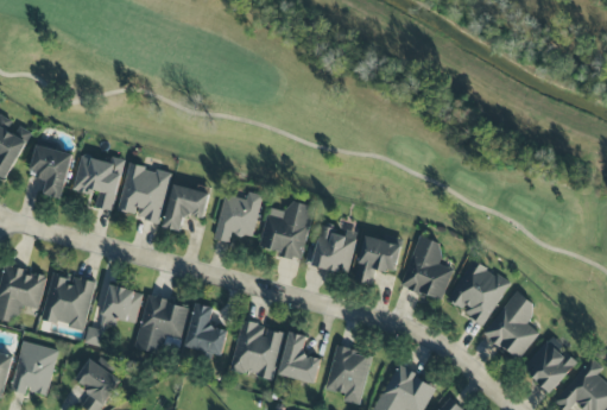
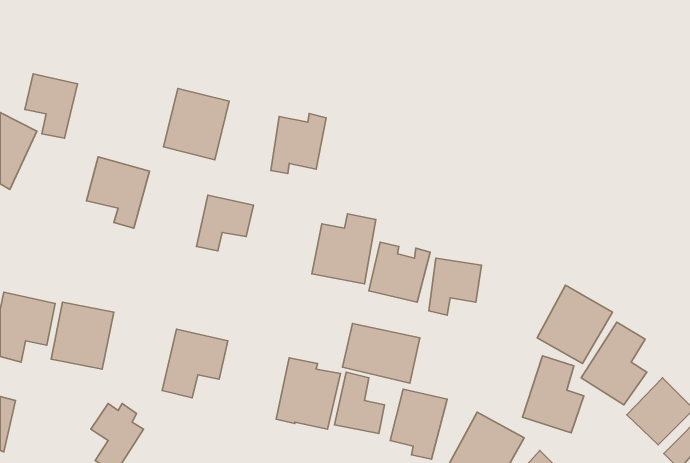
building: [30,146,74,200] -> [25,74,77,138]
building: [118,164,172,223] -> [163,88,229,160]
building: [216,193,263,242] -> [271,114,326,174]
building: [401,236,453,301] -> [523,356,584,433]
building: [84,285,143,349] -> none
building: none -> [343,324,420,383]
building: [185,304,228,357] -> none
building: [11,342,58,397] -> none

